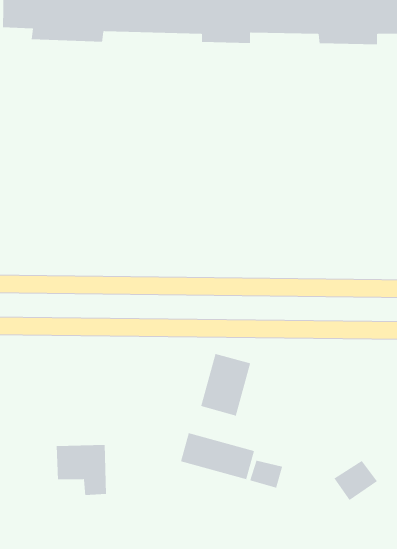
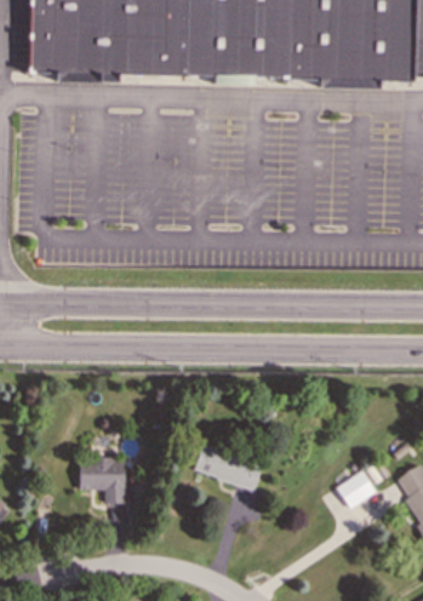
building: [200,353,251,416] -> none
building: [250,460,283,488] -> none

